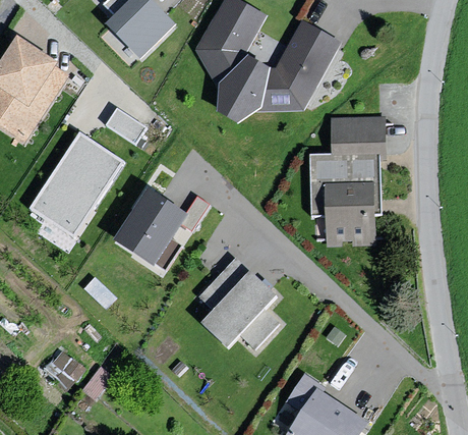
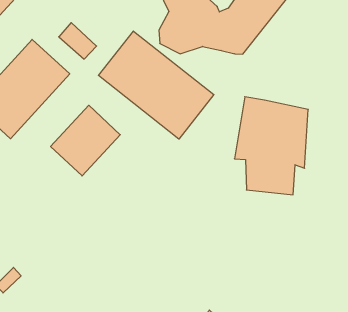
building: none -> [98,31,214,139]
building: [326,117,379,157] -> none
building: [200,257,280,347] -> none

